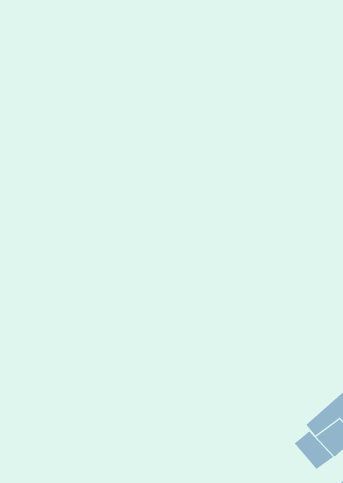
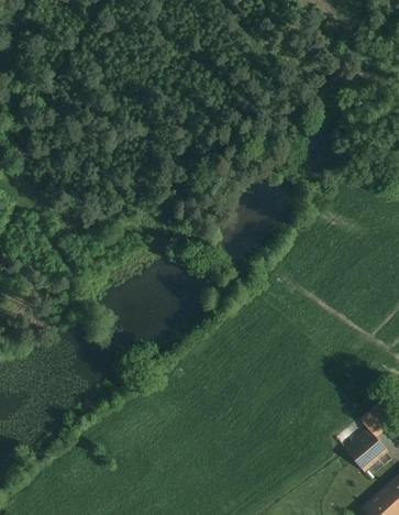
building: [294,431,334,470] -> none

